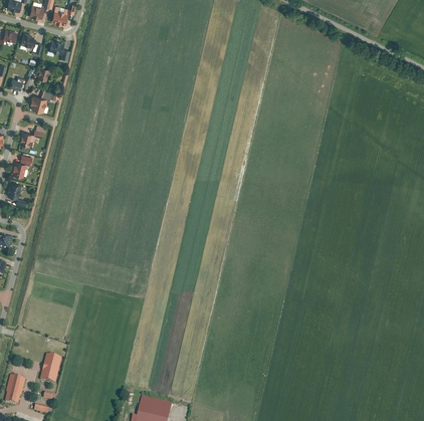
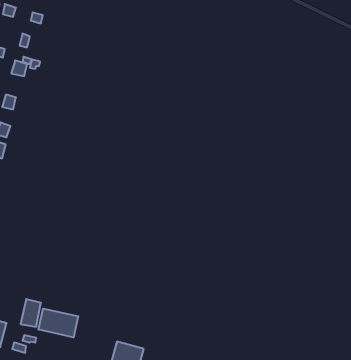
building: none -> [38,309,78,337]

